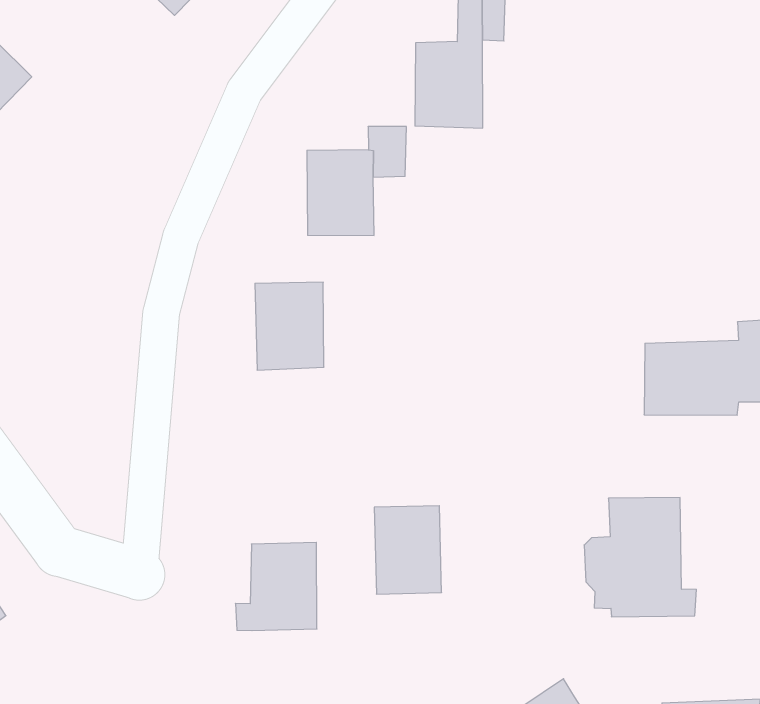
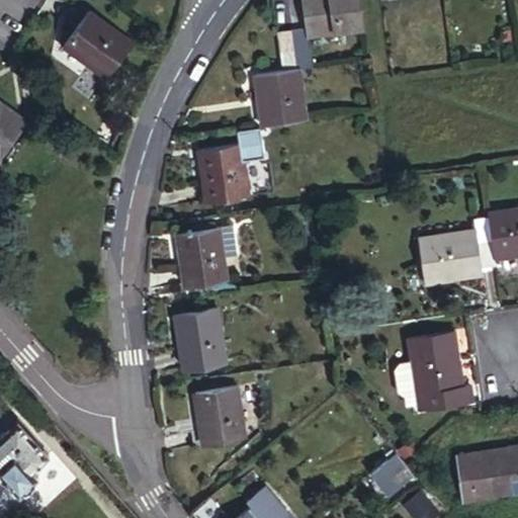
building: [374,506,442,594] -> [175,311,223,369]

